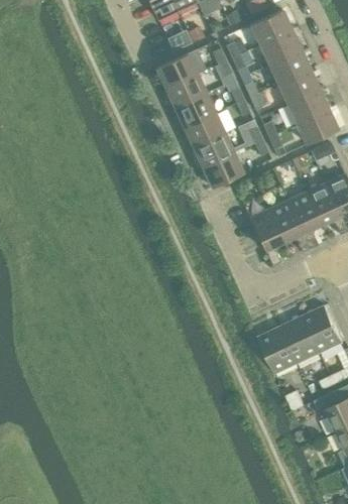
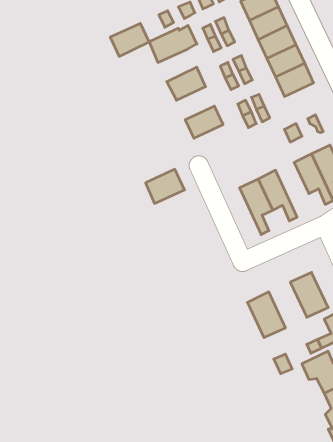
building: [165,75,206,109] -> [110,23,149,56]
building: [297,110,337,144] -> none
building: [185,114,224,148] -> none
building: [203,153,243,188] -> [146,169,185,203]
building: [287,193,322,249] -> none
building: [280,317,320,364] -> none

